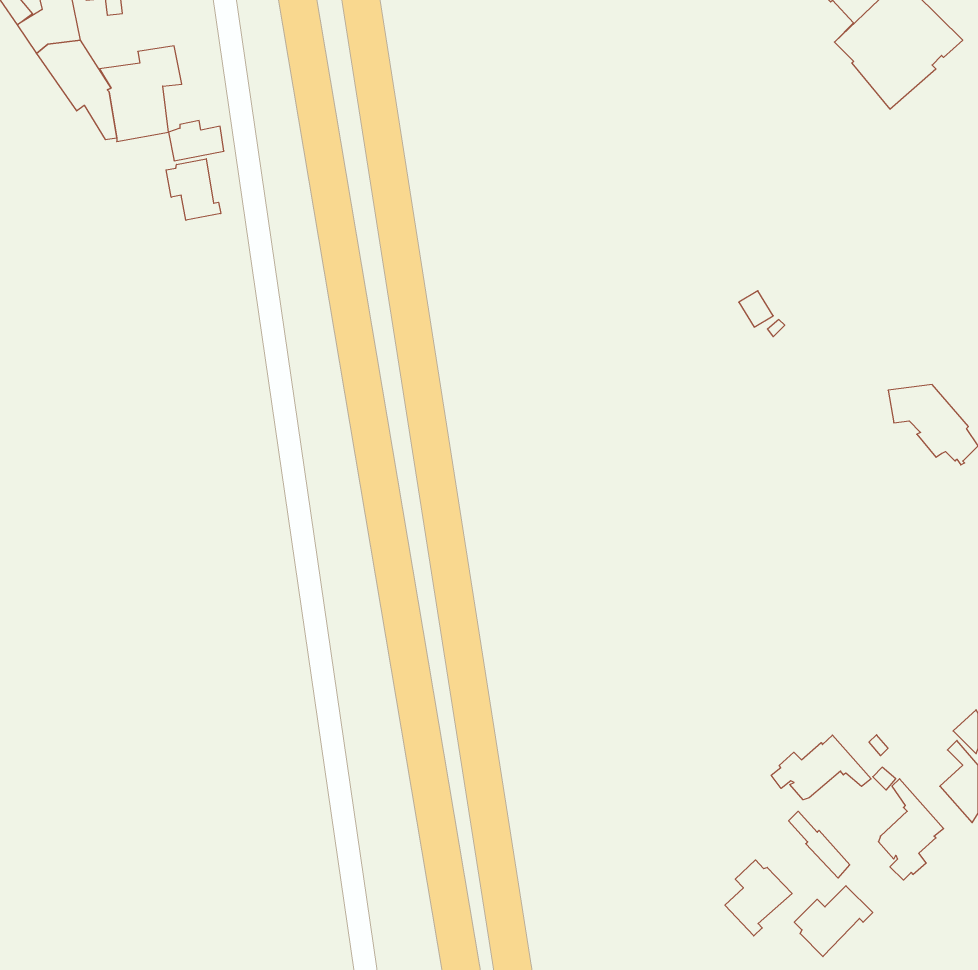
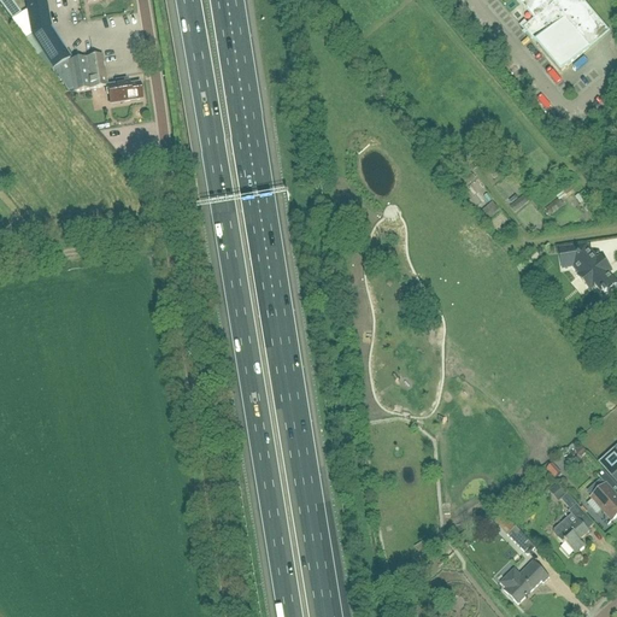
building: [166,159,221,220] -> none
building: [771,735,871,800] -> none
building: [725,860,792,936] -> none

